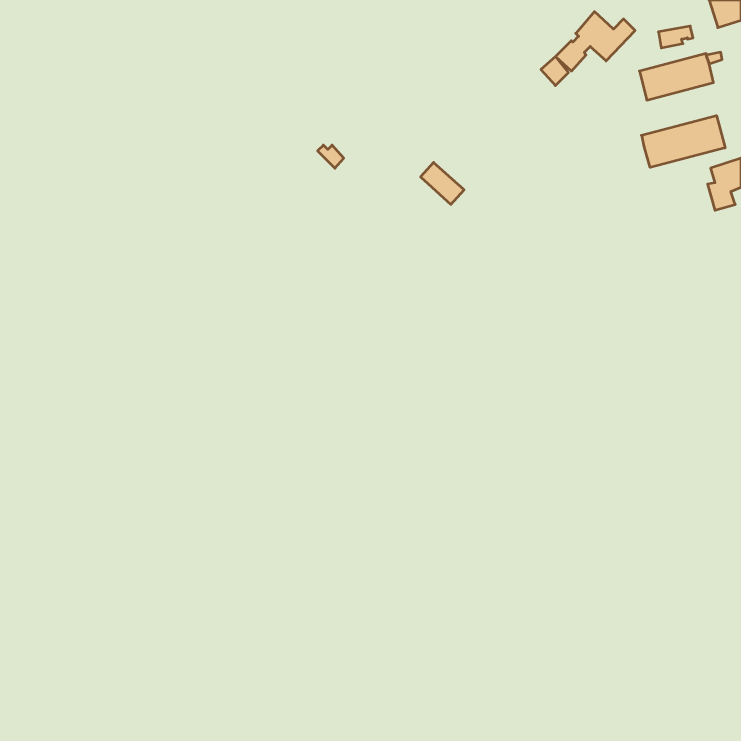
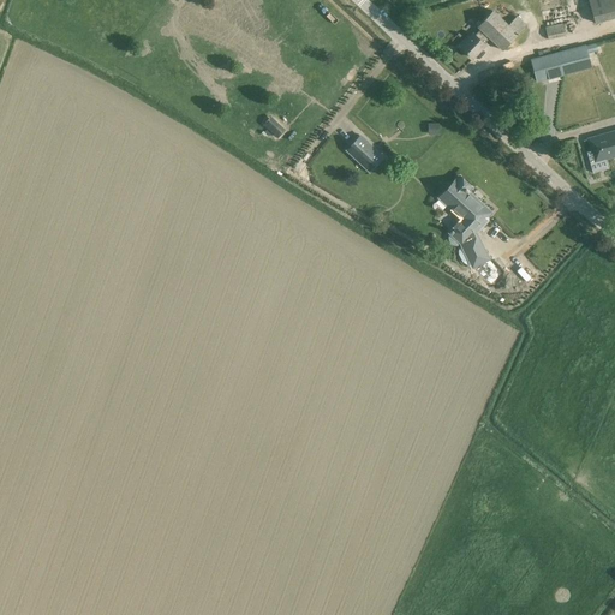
building: [641,116,725,167] -> none
building: none -> [440,178,491,268]

